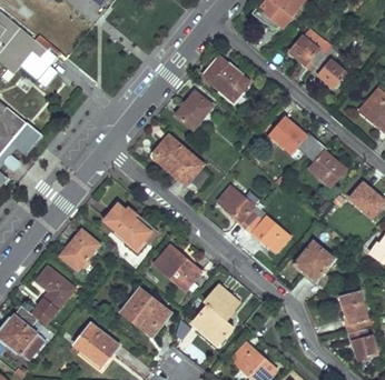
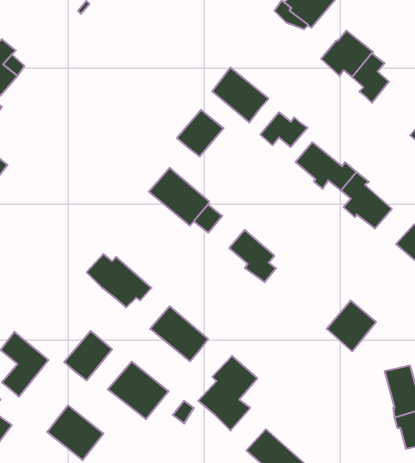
building: none -> [260,112,308,147]
building: [245,208,289,252] -> none
building: [60,230,98,269] -> [64,331,112,380]

